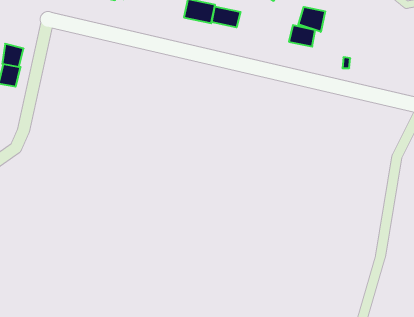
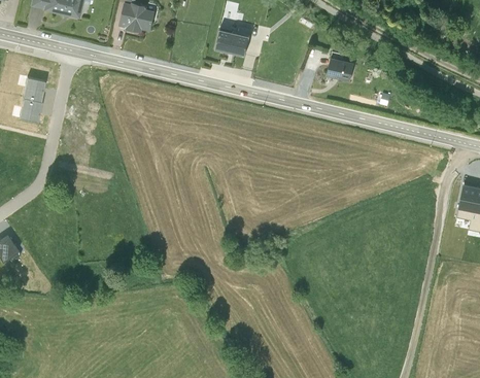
building: [212,6,241,27] -> none
building: [298,7,325,32] -> none

